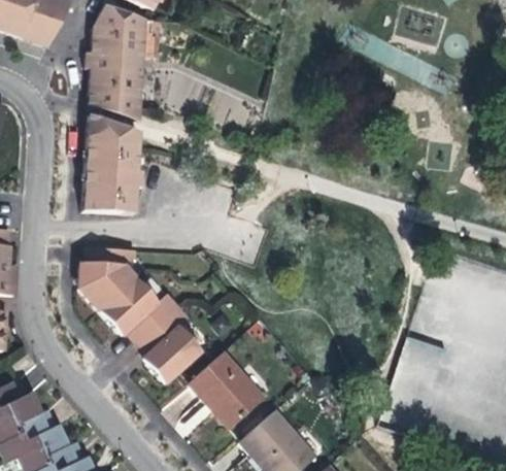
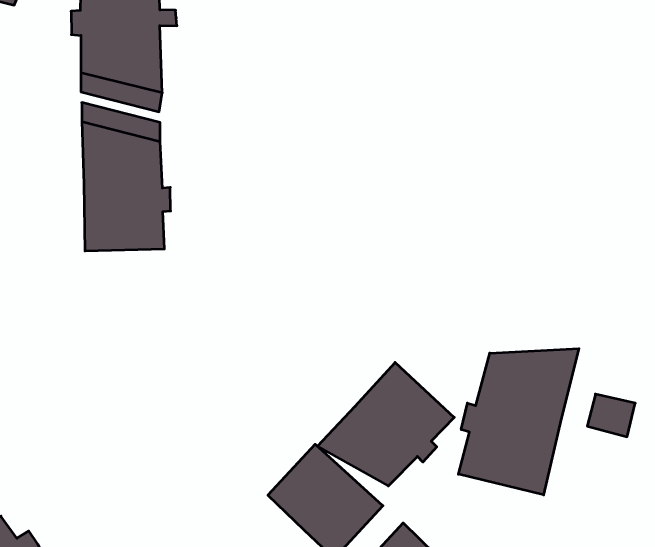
building: [78,247,202,383] -> none
building: none -> [458,349,579,495]
building: none -> [317,362,454,486]

